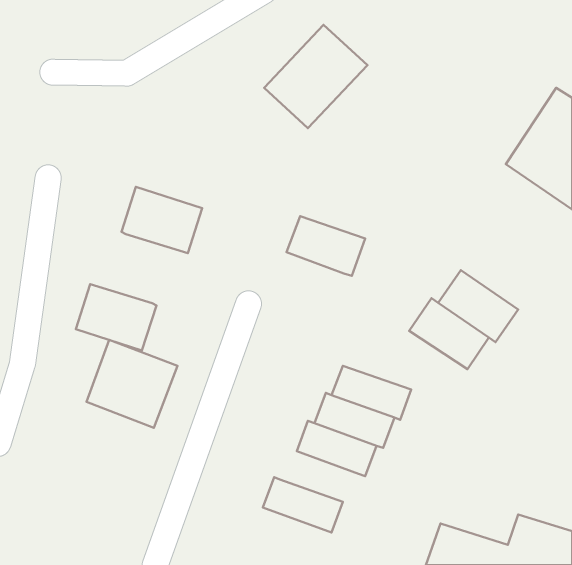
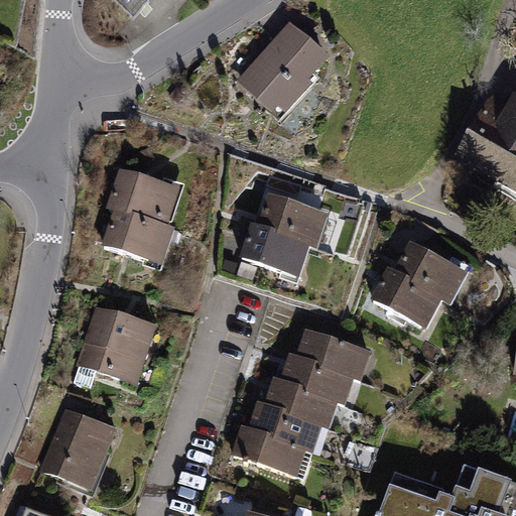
building: none -> [238,224,308,278]
building: [76,284,157,351] -> [100,210,172,269]
building: none -> [251,402,321,450]
building: none -> [39,411,118,496]

